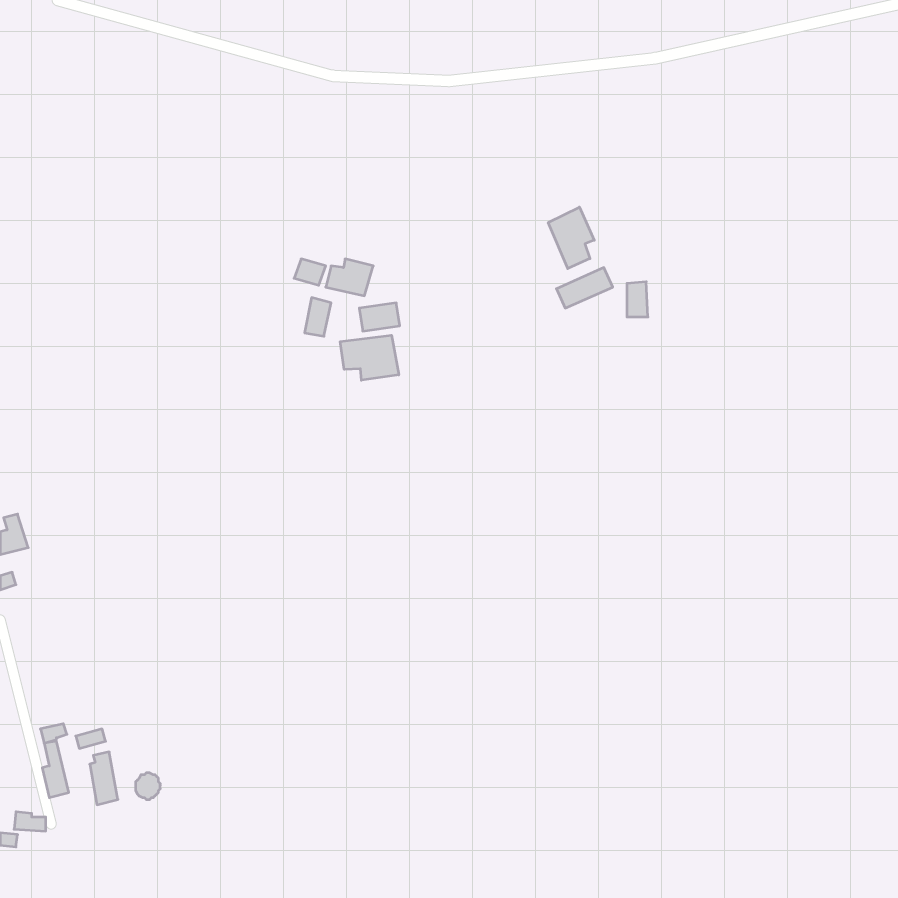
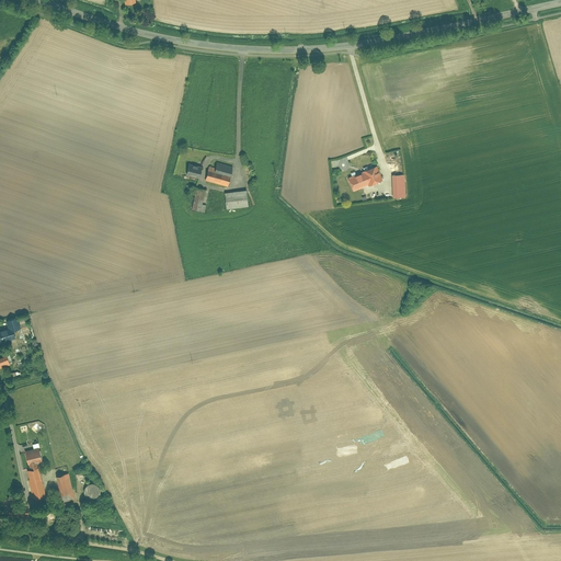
building: [548,207,594,269] -> none
building: [340,335,399,380] -> none

